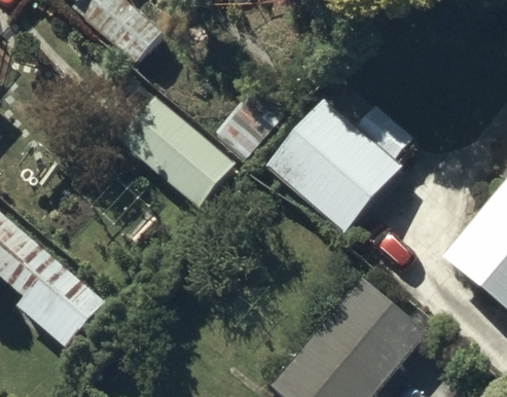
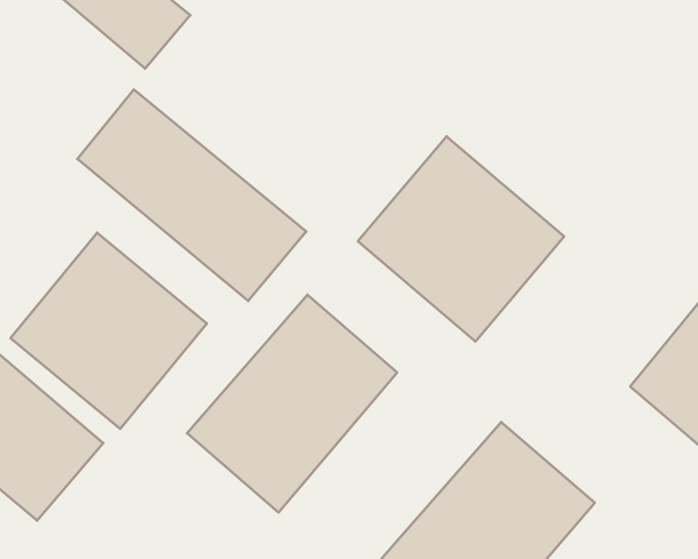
building: none -> [11,233,207,429]
building: none -> [187,295,397,512]

